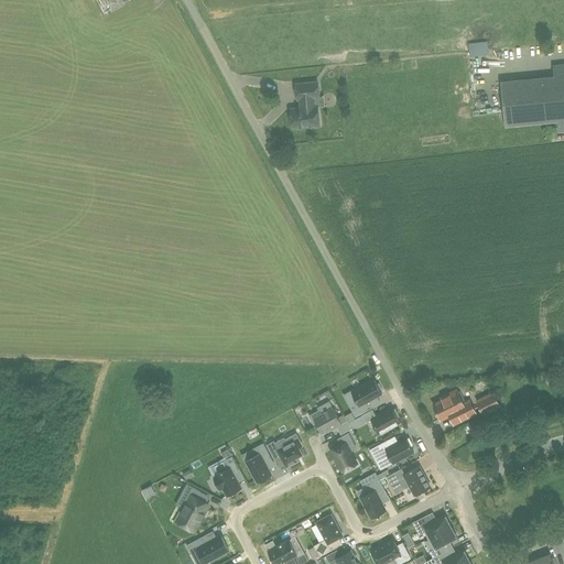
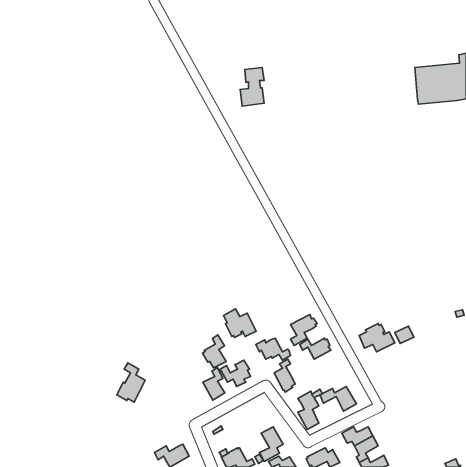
building: none -> [224,309,256,337]
building: [369,437,413,463] -> none
building: [213,456,241,496] -> [202,335,226,368]
building: [173,484,207,531] -> [117,363,145,402]

